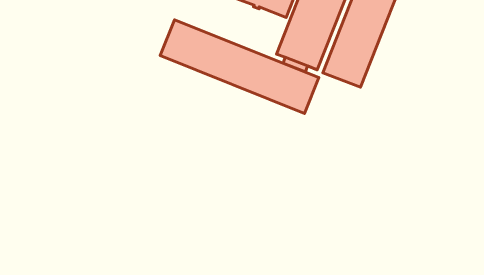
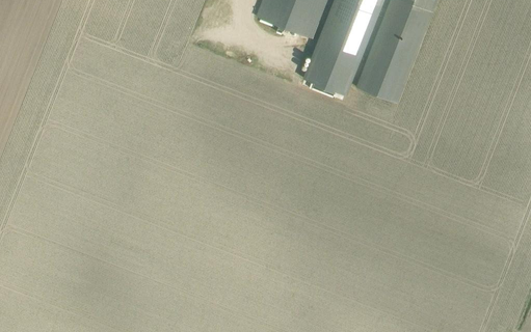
building: [160,20,319,113] -> none

